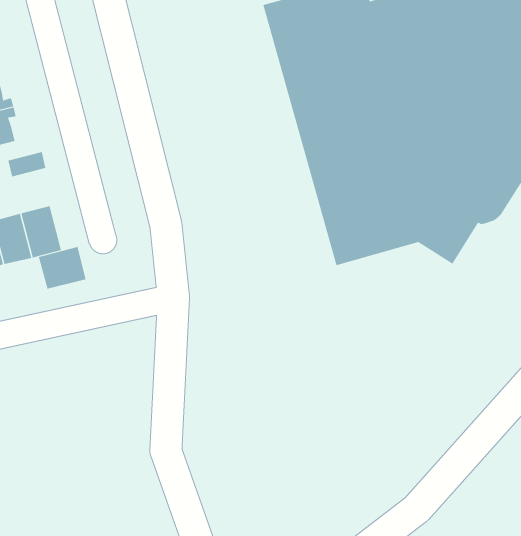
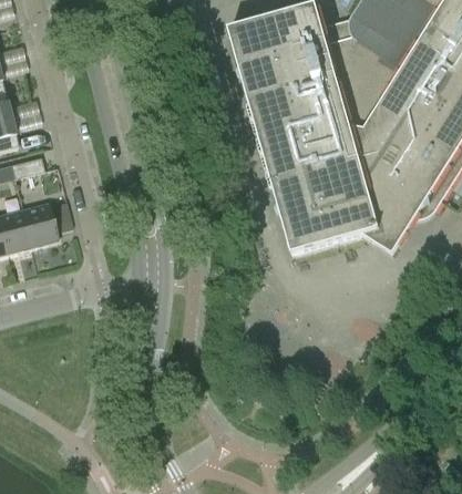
building: [38,246,86,289] -> none

